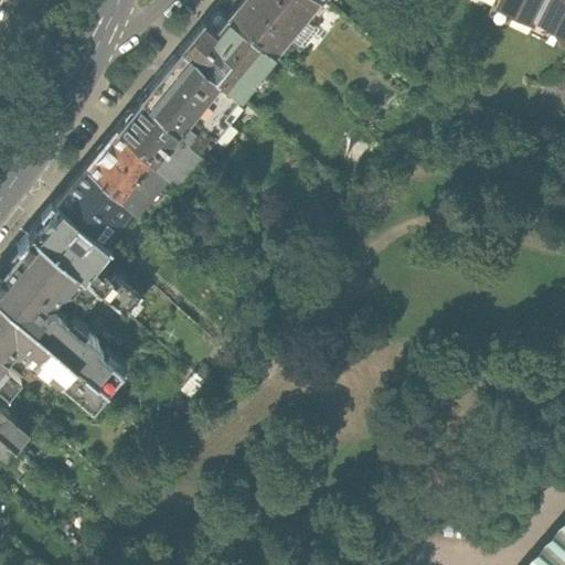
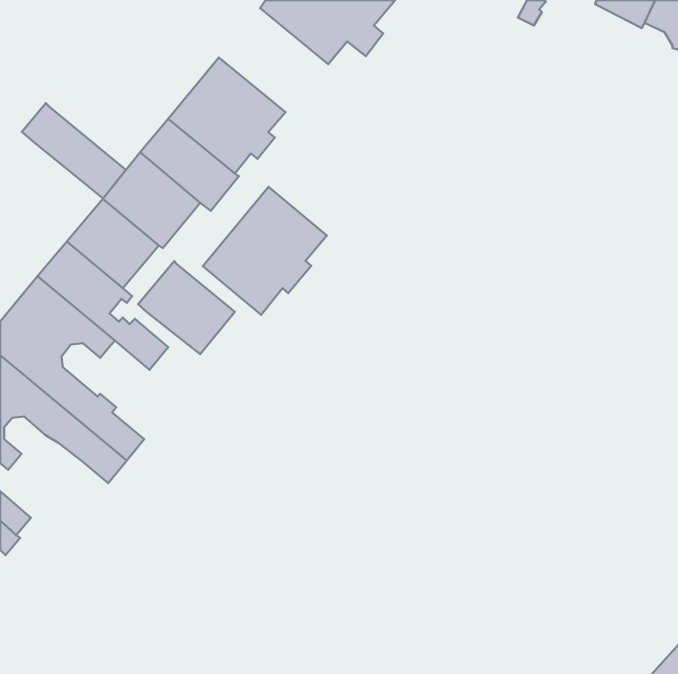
building: [184,13,275,100] -> none
building: none -> [22,103,126,198]
building: none -> [203,187,327,315]
building: none -> [138,261,235,354]

